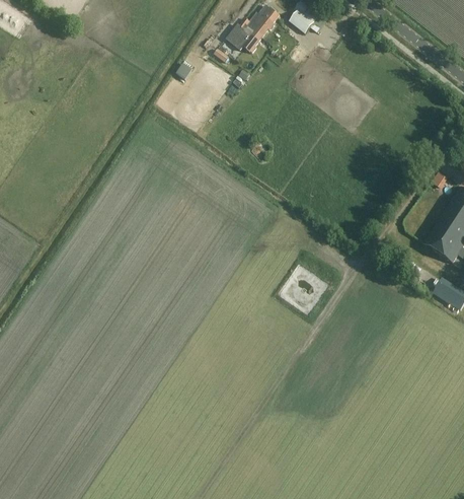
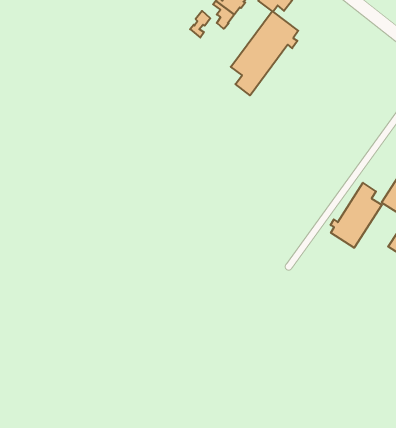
building: none -> [231,11,298,95]
building: none -> [331,183,382,248]

